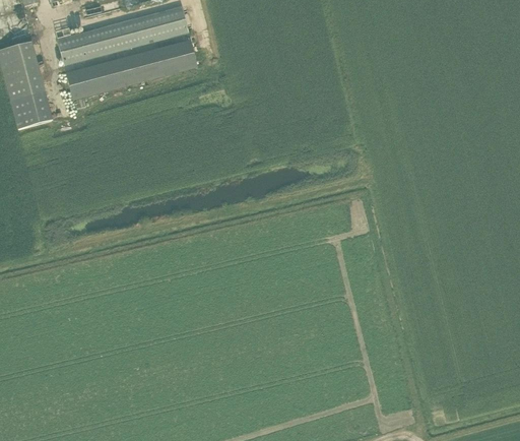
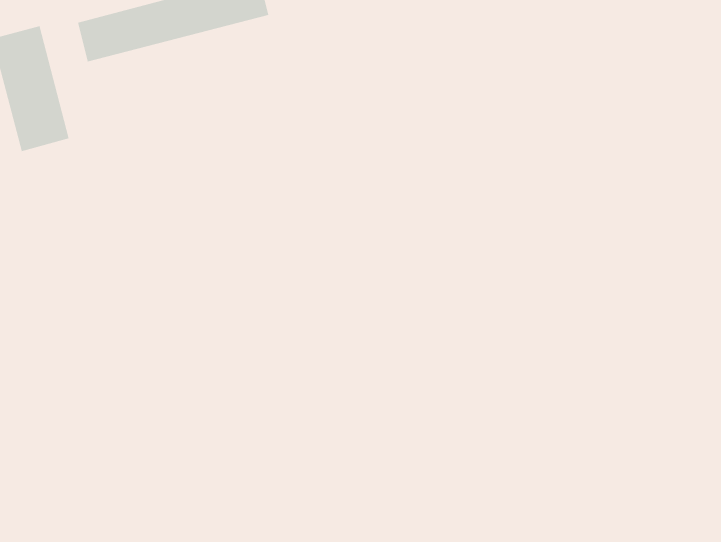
building: [66,39,199,100] -> none

